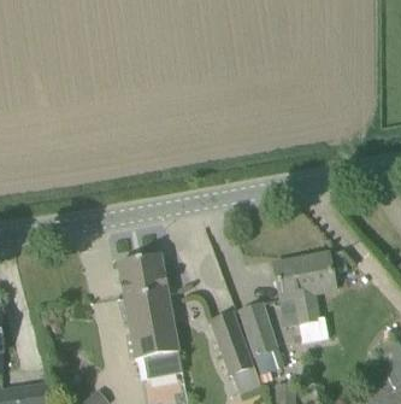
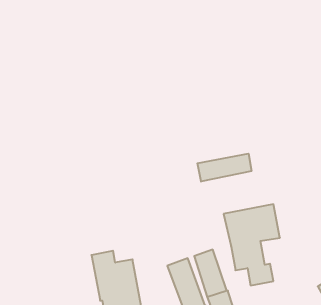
building: none -> [197,154,251,182]
building: [118,253,172,316] -> none

